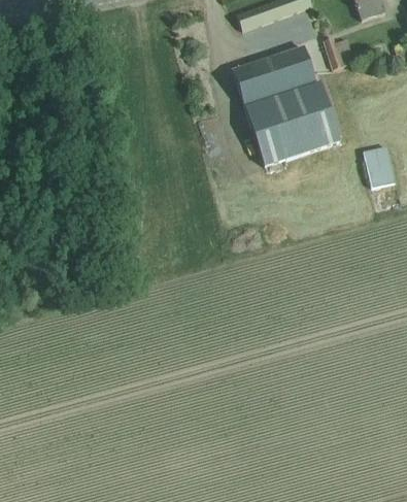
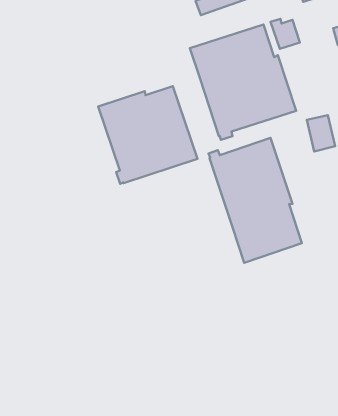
building: none -> [98,86,197,184]
building: none -> [209,138,302,263]

